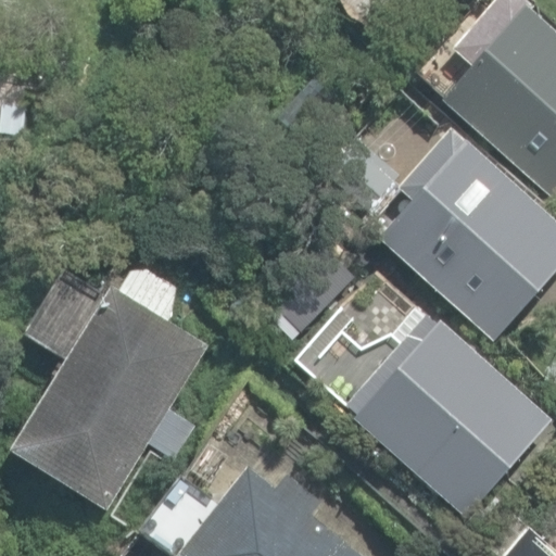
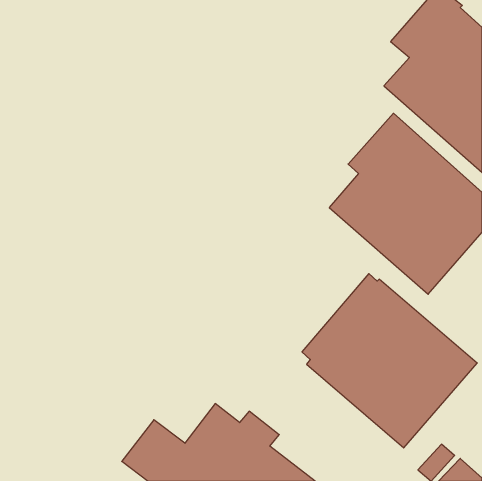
building: [12,269,206,507] -> none

